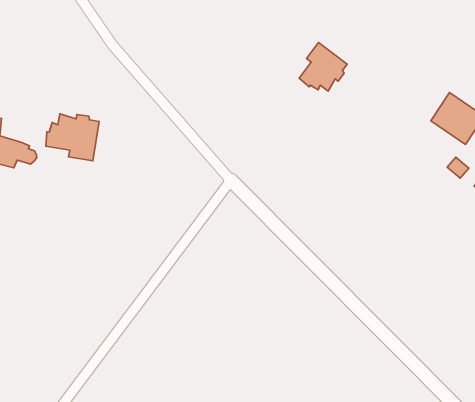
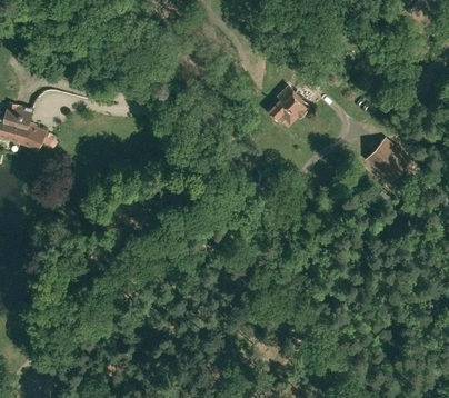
building: [46,114,99,161] -> none

